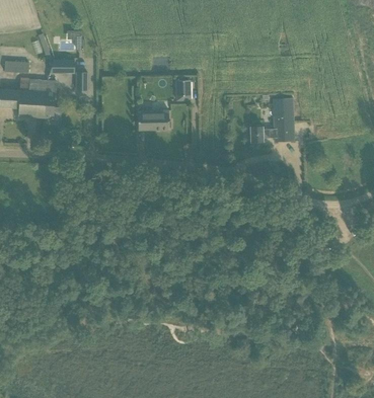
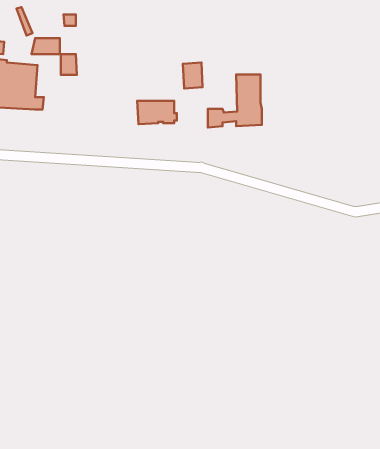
building: [249,99,294,143] -> [208,74,262,127]

